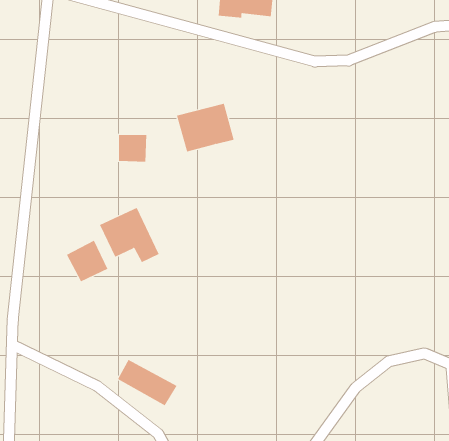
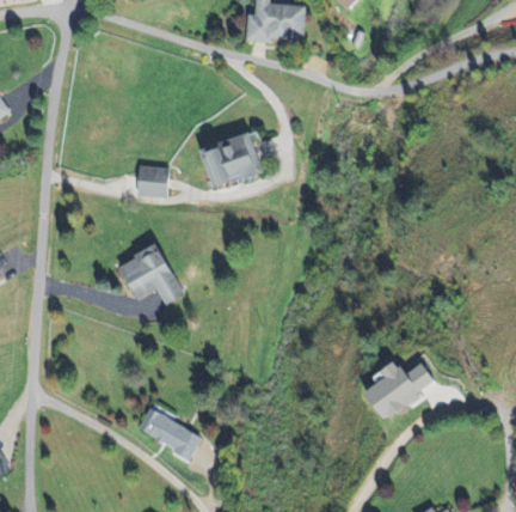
building: [66,240,108,282] -> none
building: none -> [367,359,436,417]

